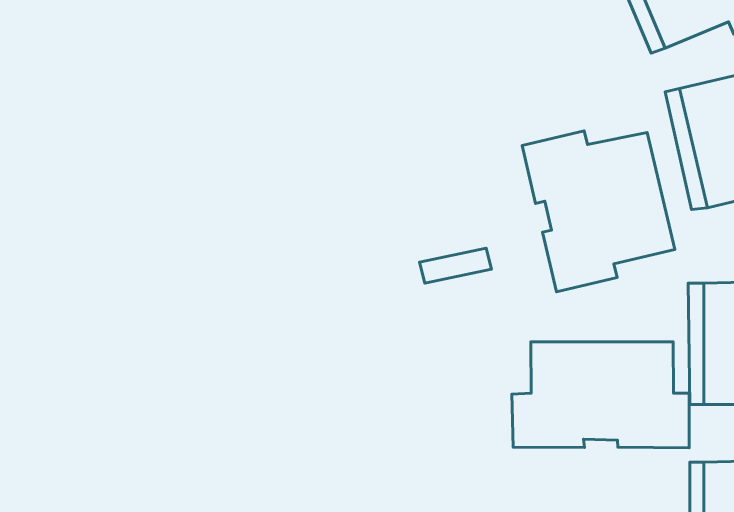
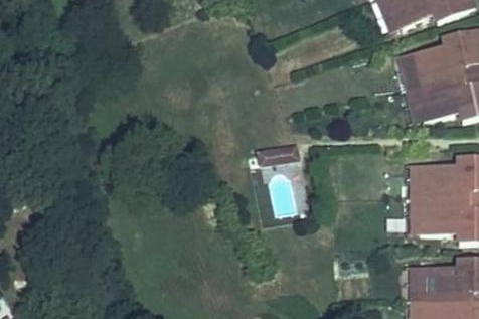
building: [522,131,675,292] -> none
building: [512,342,689,448] -> none

